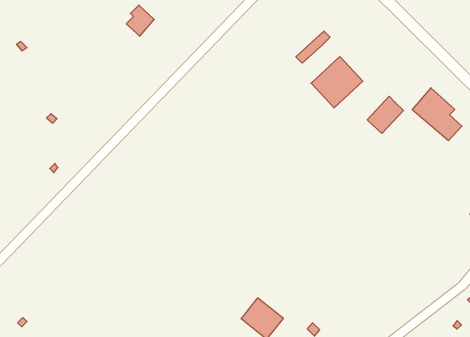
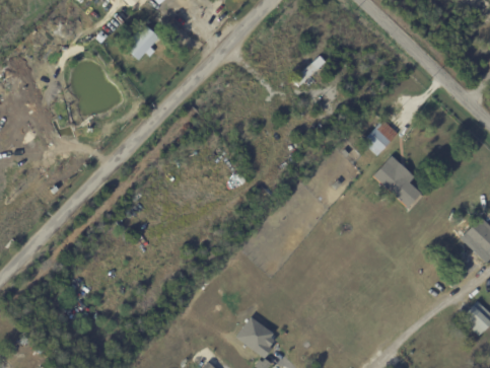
building: [311,57,363,108] -> none
building: [412,88,462,141] -> [375,156,424,208]

